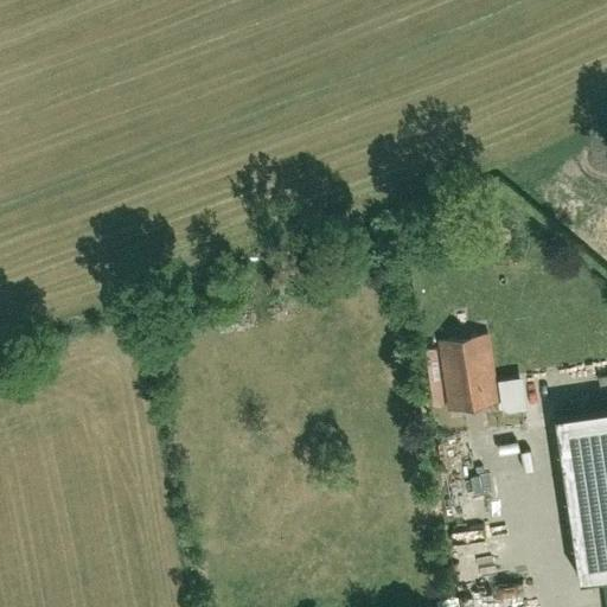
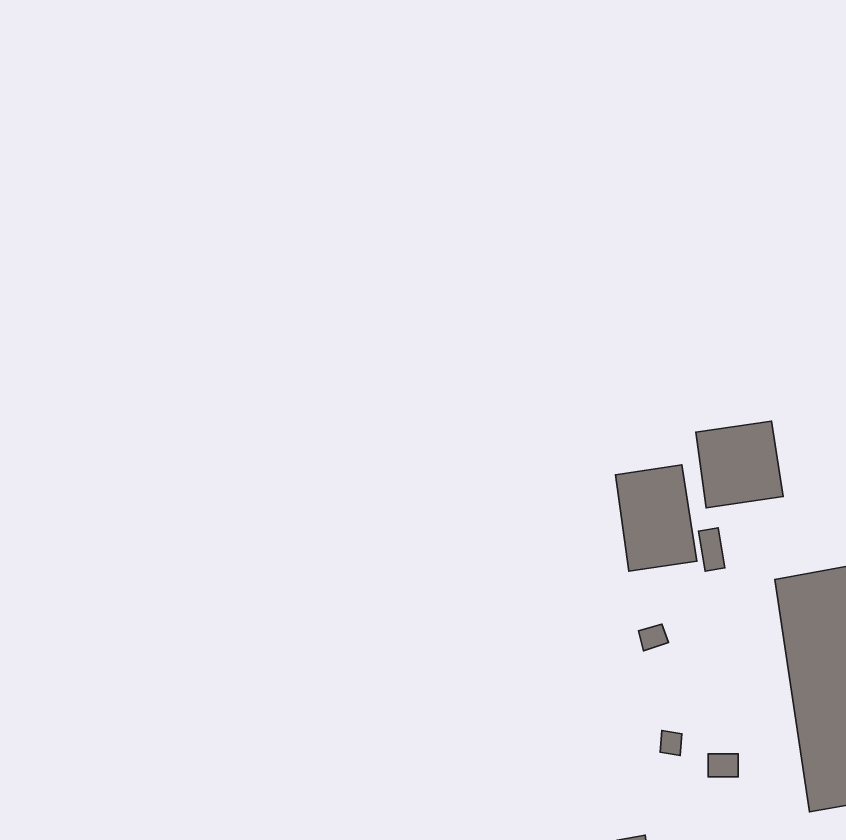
building: none -> [696,421,783,508]

